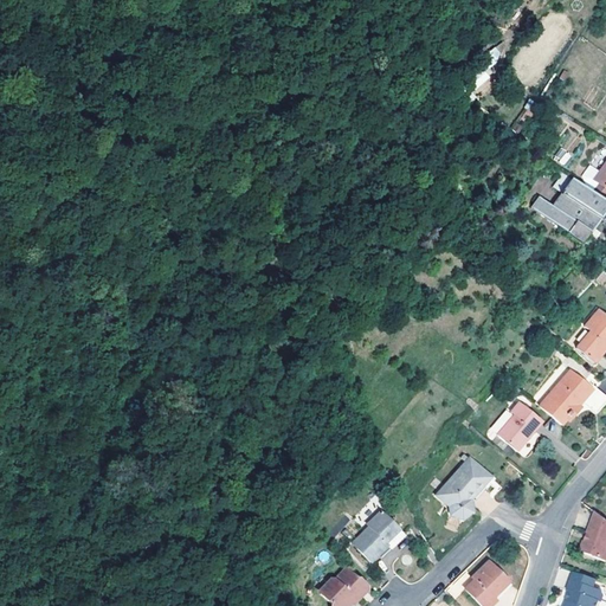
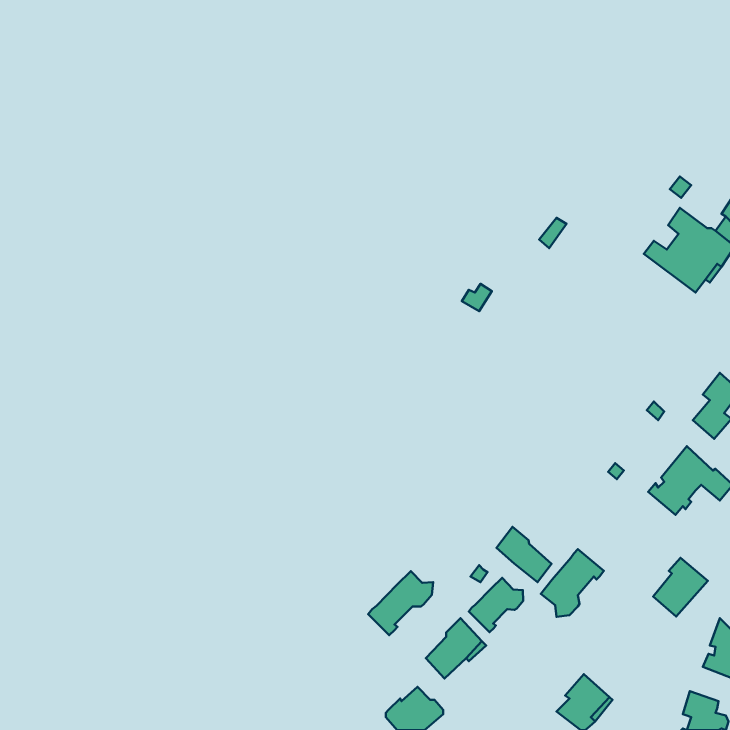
building: [495,401,540,450] -> [653,558,708,617]
building: none -> [496,527,552,582]
building: none -> [368,571,433,635]
building: none -> [469,578,523,632]

